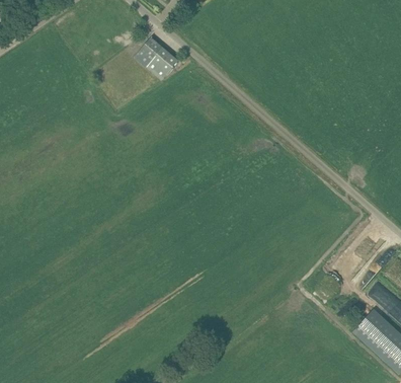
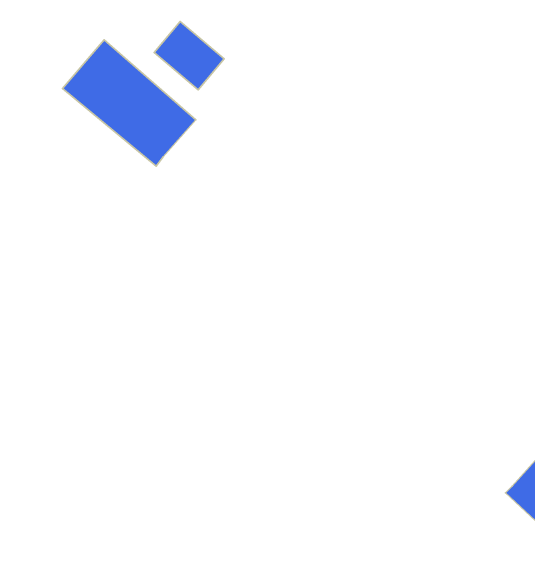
building: none -> [63,40,196,166]

